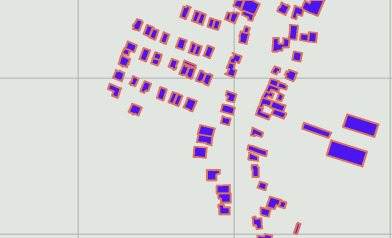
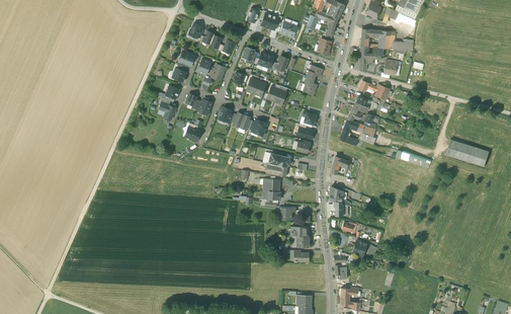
building: [327,140,367,167] -> none

